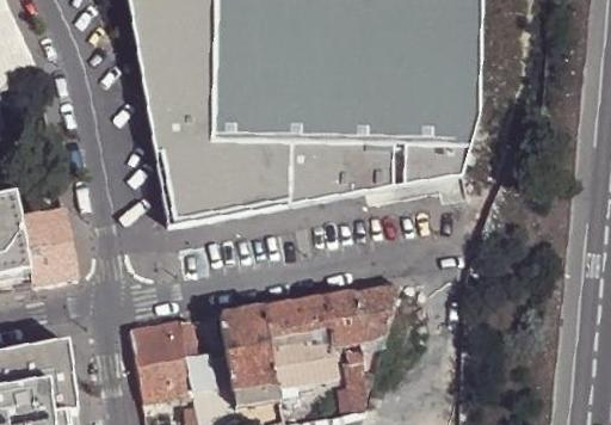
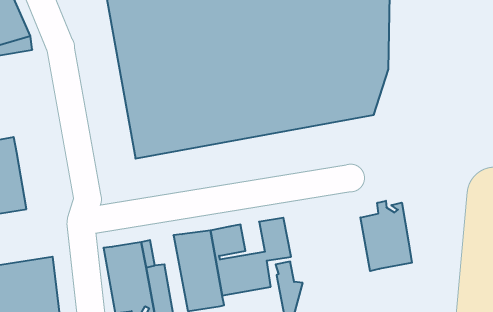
building: [23,207,79,283] -> none
building: none -> [360,201,412,271]
building: [350,287,395,341] -> none

